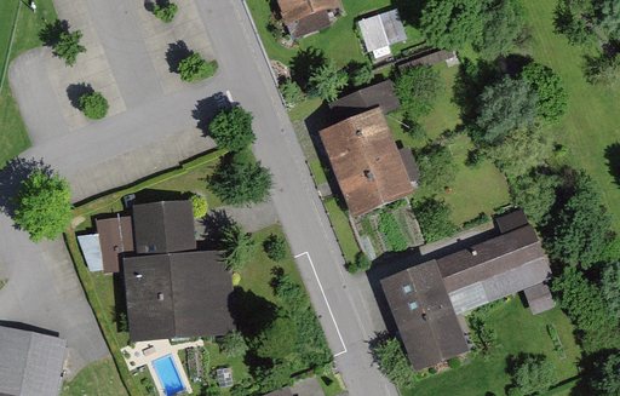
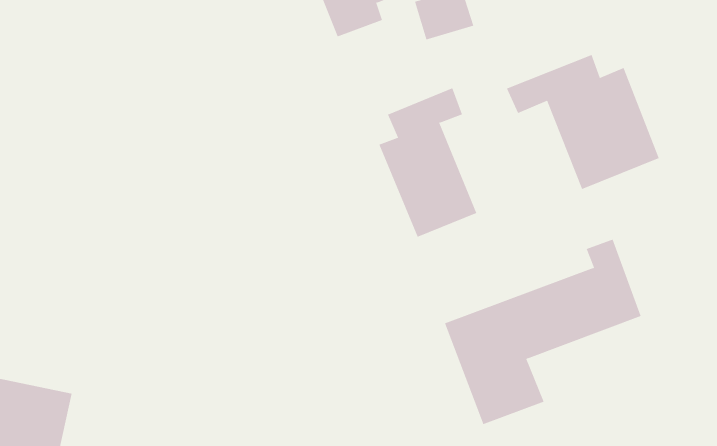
building: none -> [506,54,660,190]
building: [101,202,236,340] -> none

